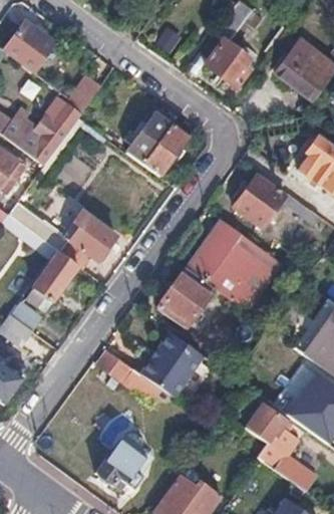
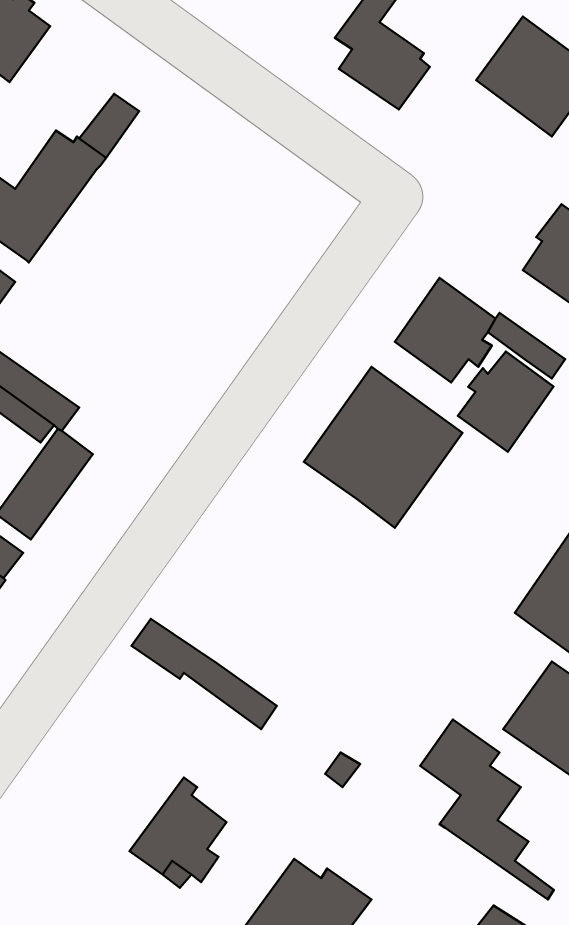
building: [127,112,188,177] -> none
building: [60,210,116,269] -> none
building: none -> [458,351,553,452]
building: [155,269,213,330] -> none
building: [140,331,204,398] -> none

